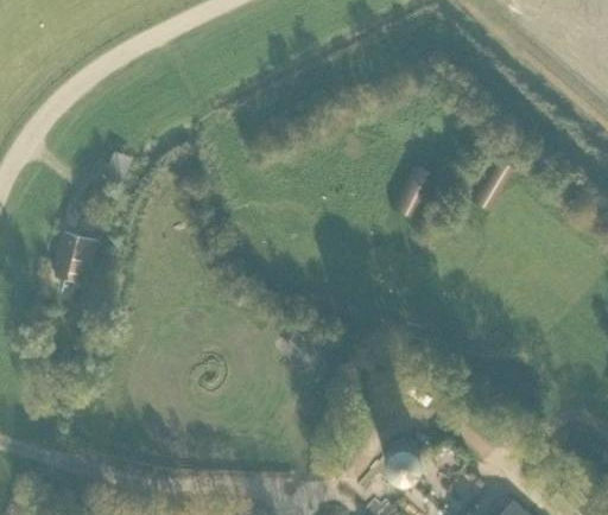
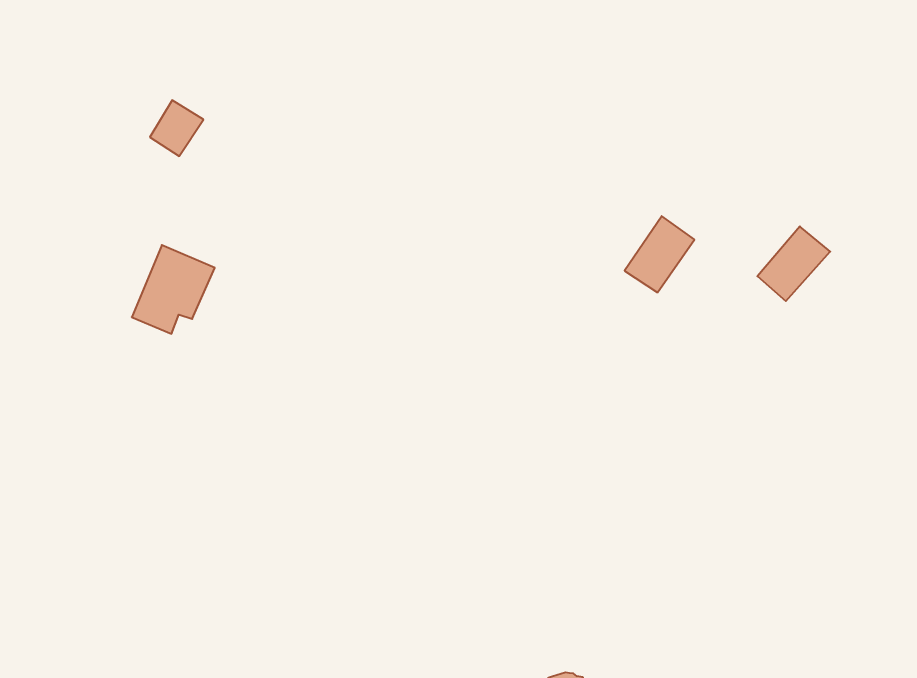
building: [50,240,94,291] -> [132,245,215,334]

